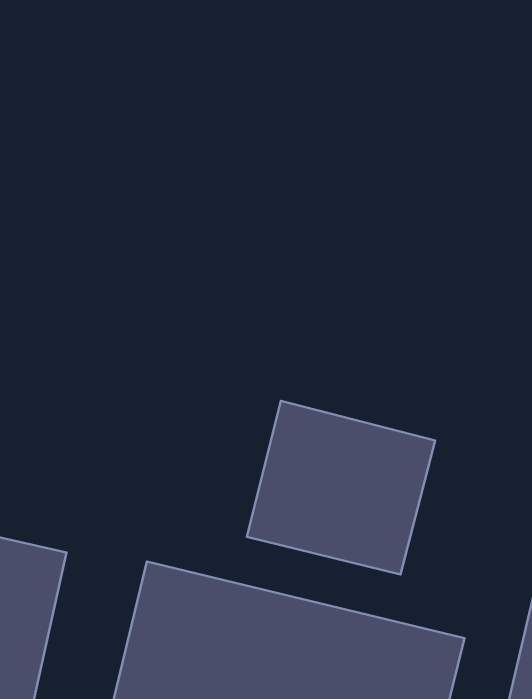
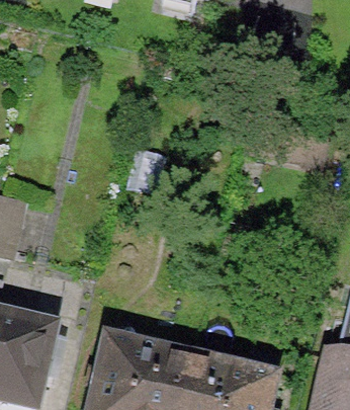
building: [247,401,435,575] -> none

